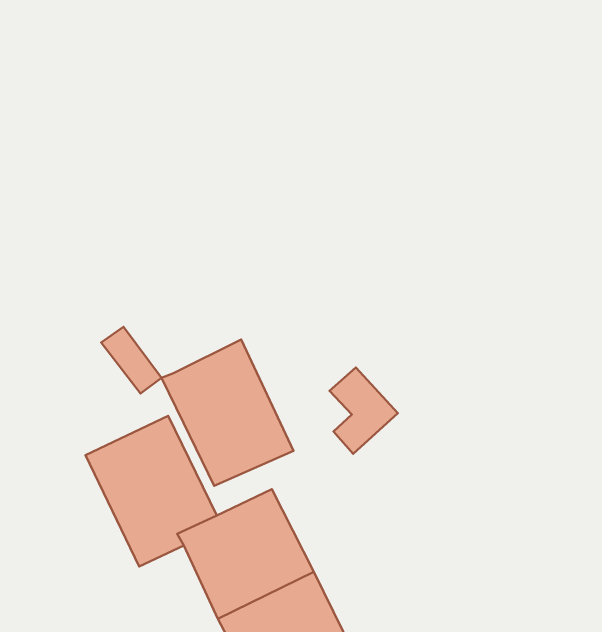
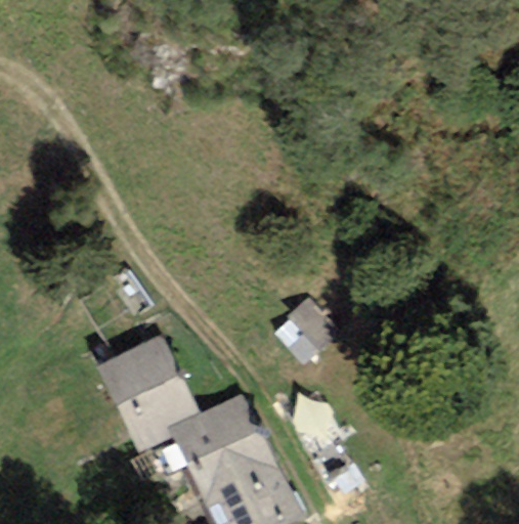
building: [162,339,293,486] -> none

